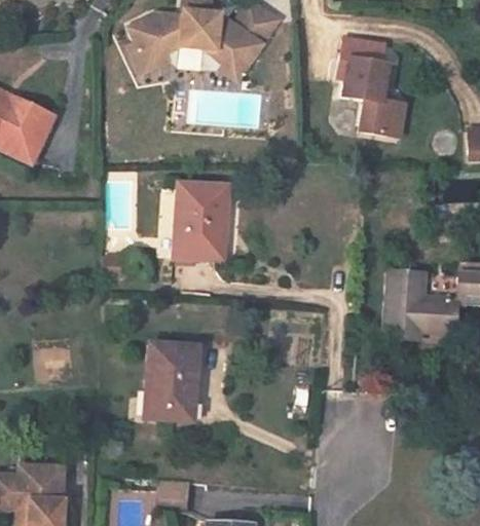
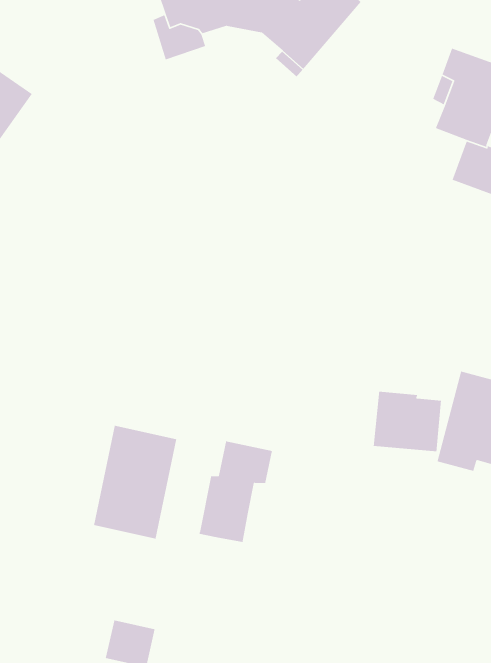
building: [172,185,227,260] -> none
building: none -> [373,391,442,452]
building: none -> [198,441,273,543]

